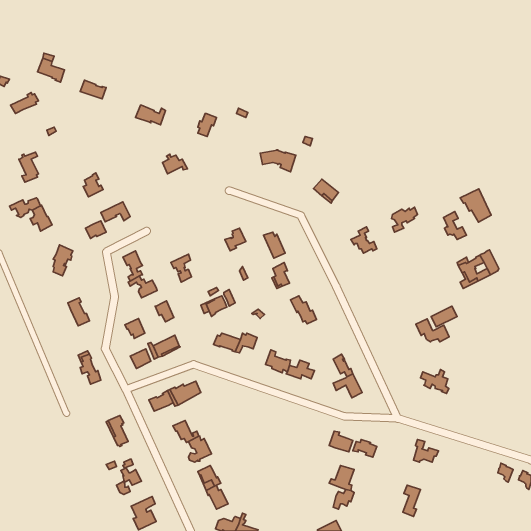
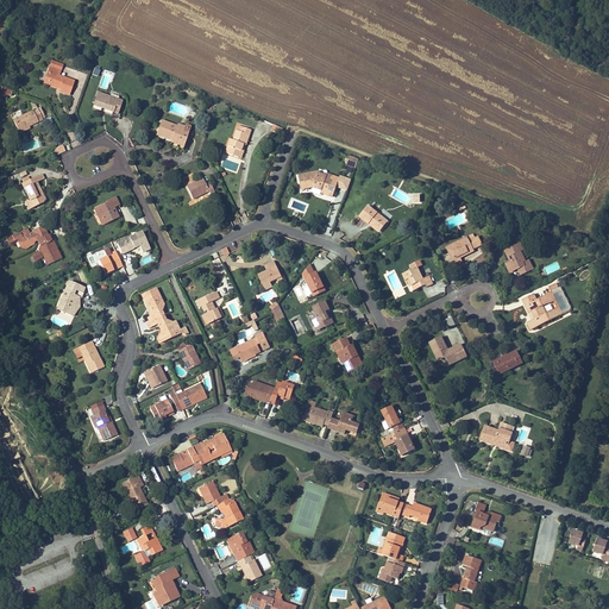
building: [460,189,491,222] -> none
building: [416,319,449,342] -> [428,335,466,362]

